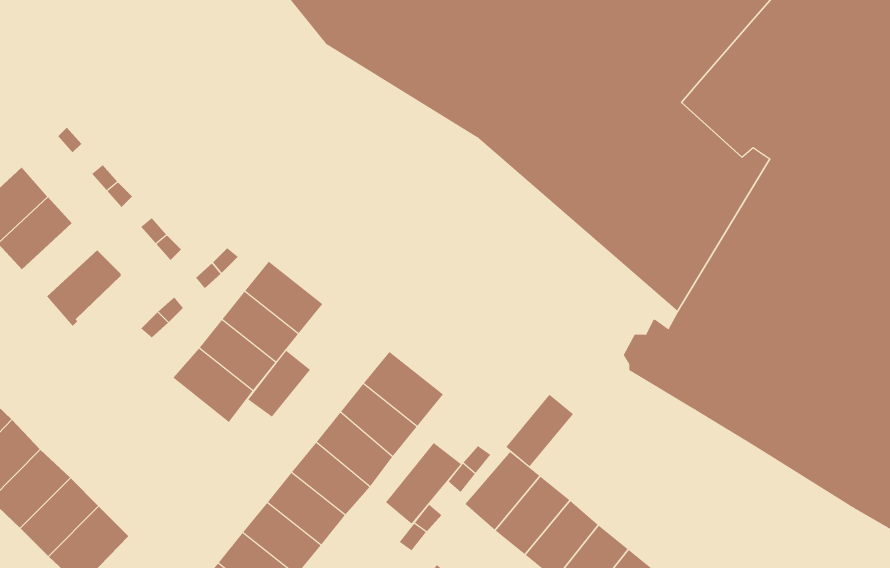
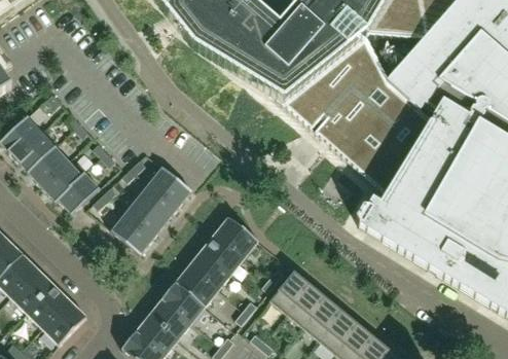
building: none -> [28,145,69,185]
building: none -> [58,171,100,214]
building: [247,350,311,418] -> none
building: [506,394,574,467] -> none
building: [385,442,462,525] -> none

